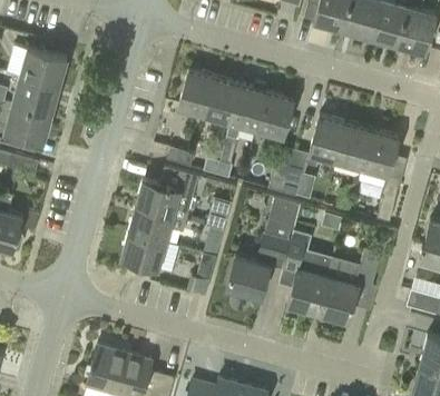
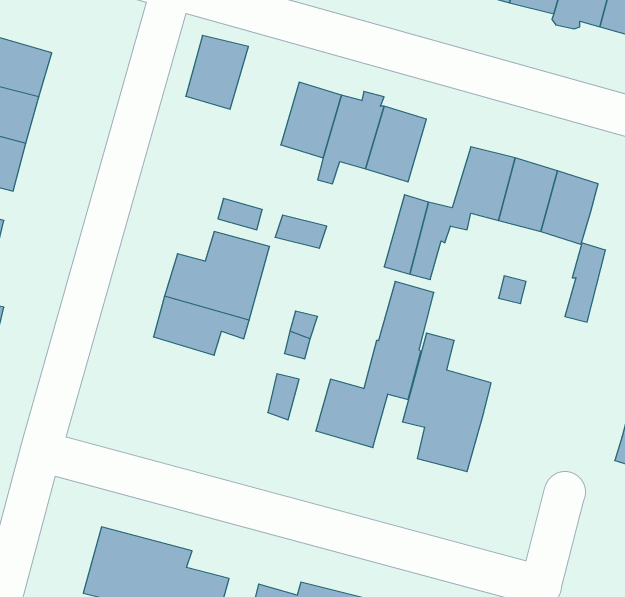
building: [178,71,216,116] -> [186,35,248,109]
building: [120,231,165,270] -> none
building: [317,249,380,321] -> none

